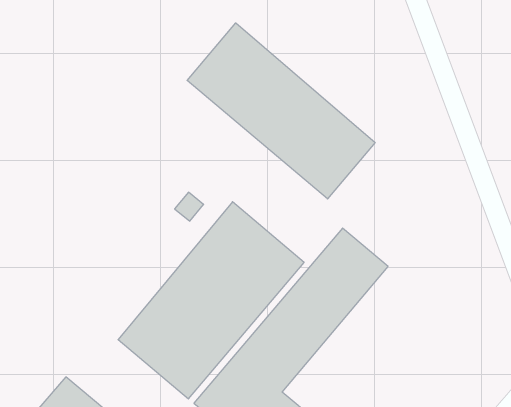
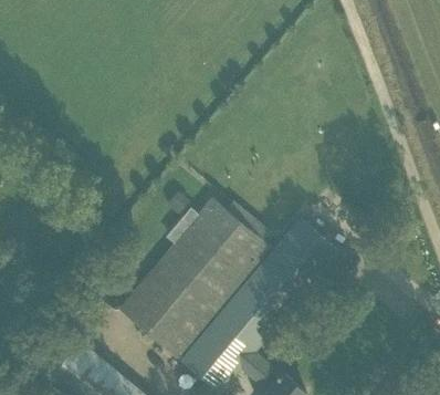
building: [187,23,375,199] -> none

